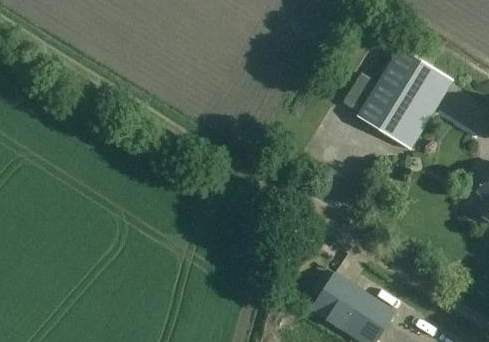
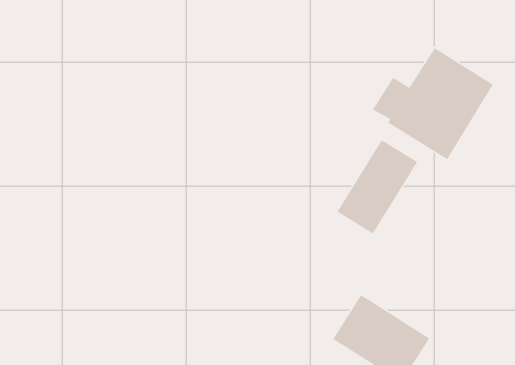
building: none -> [337,139,418,235]

